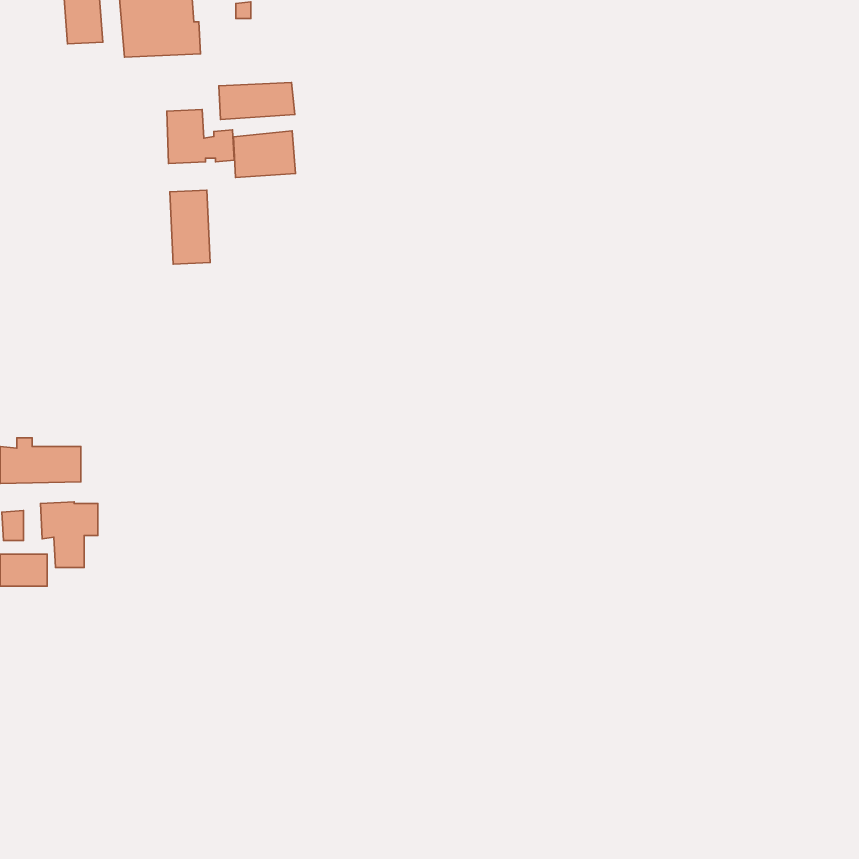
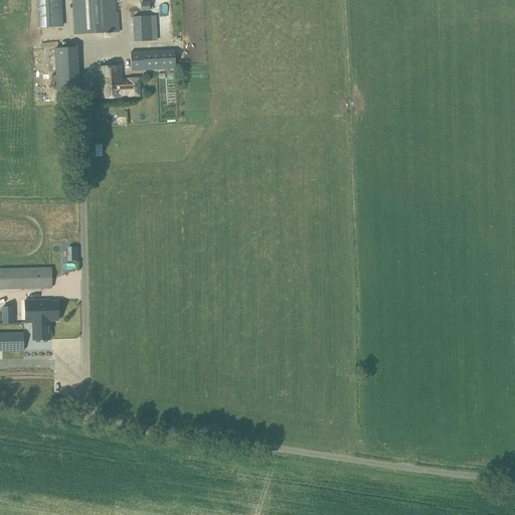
building: none -> [134,15,153,41]
building: [234,131,296,177] -> none
building: [170,190,210,264] -> [55,46,79,91]

